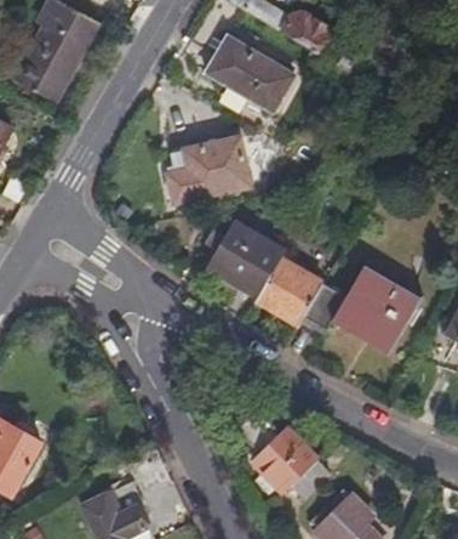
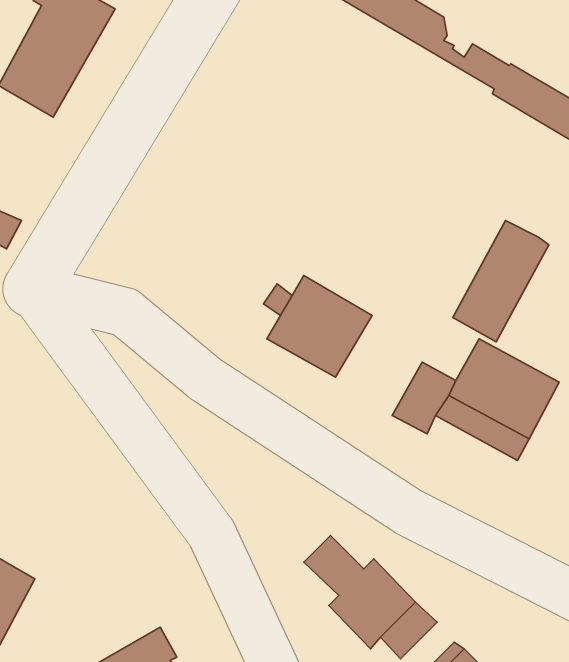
building: [205,38,294,114] -> none
building: [168,135,252,202] -> none
building: none -> [453,220,549,342]
building: [257,256,324,323] -> none

